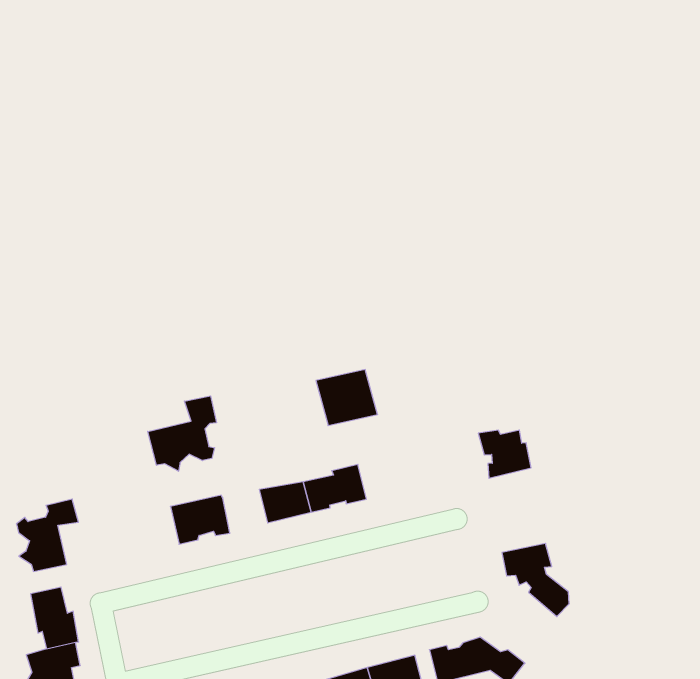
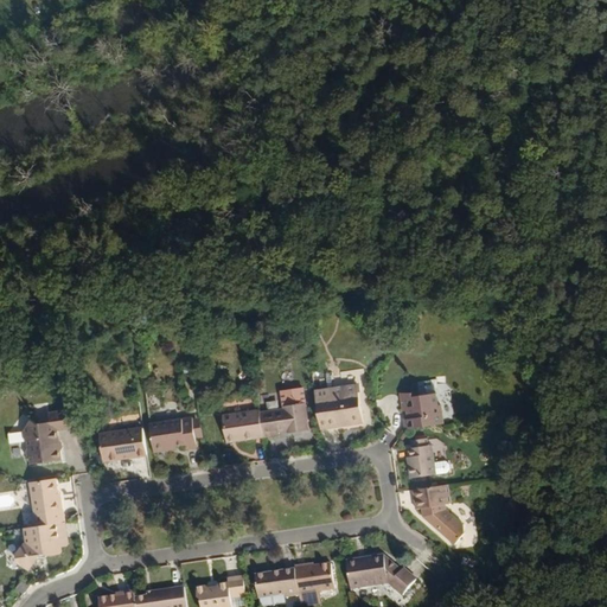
building: [316,370,378,426] -> [309,384,357,427]
building: [148,396,216,471] -> none
building: none -> [404,436,435,471]
building: none -> [97,430,142,462]

